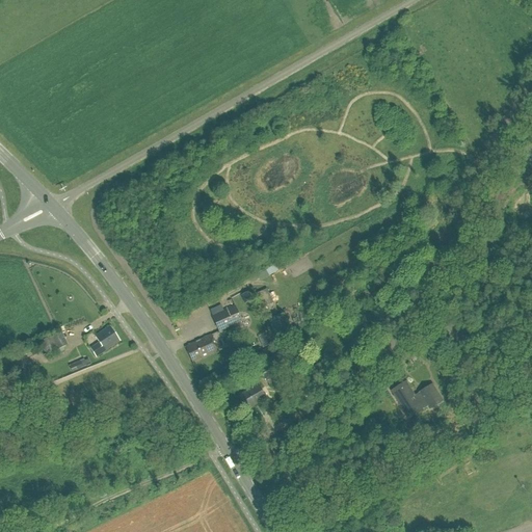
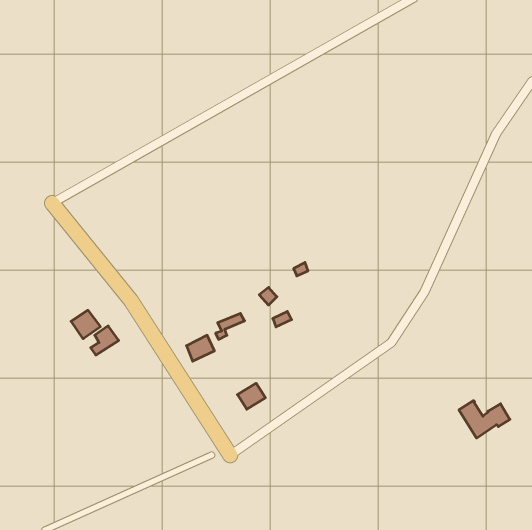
building: none -> [71,310,100,339]
building: [391,380,442,418] -> [459,401,510,438]

